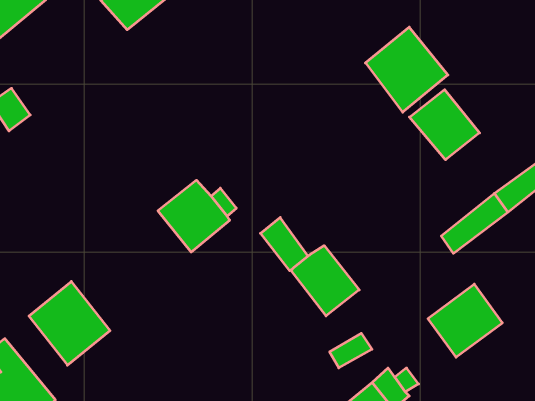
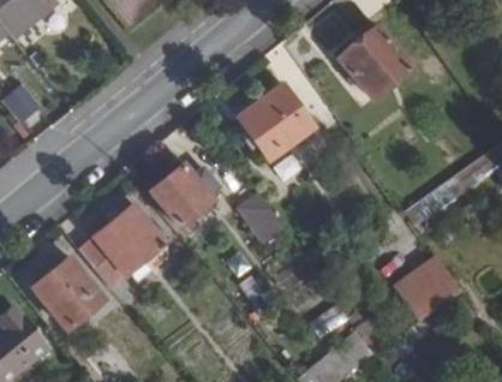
building: [409,90,480,160] -> none
building: none -> [238,84,316,162]
building: none -> [84,208,168,290]
building: [291,246,359,316] -> none

